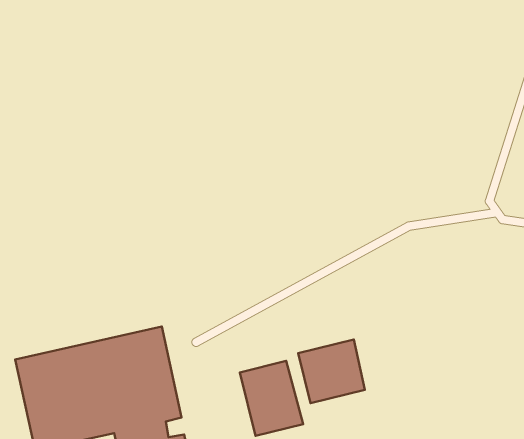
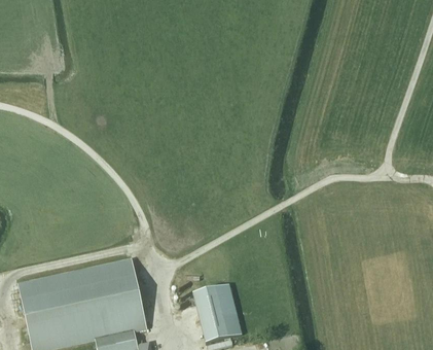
building: [298,339,365,403] -> none

